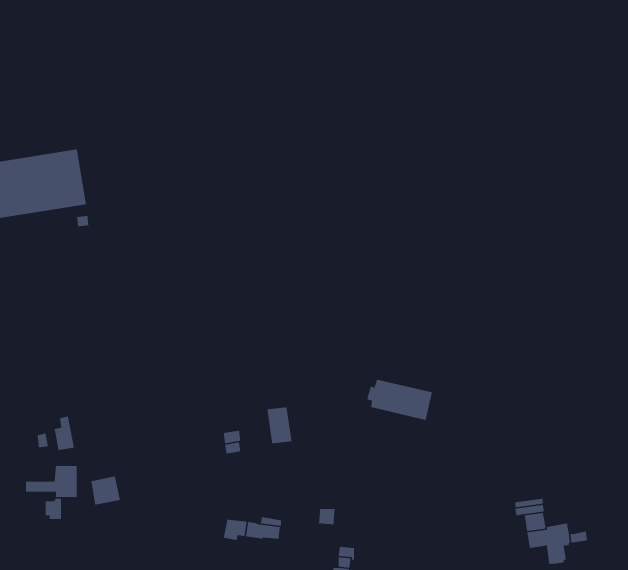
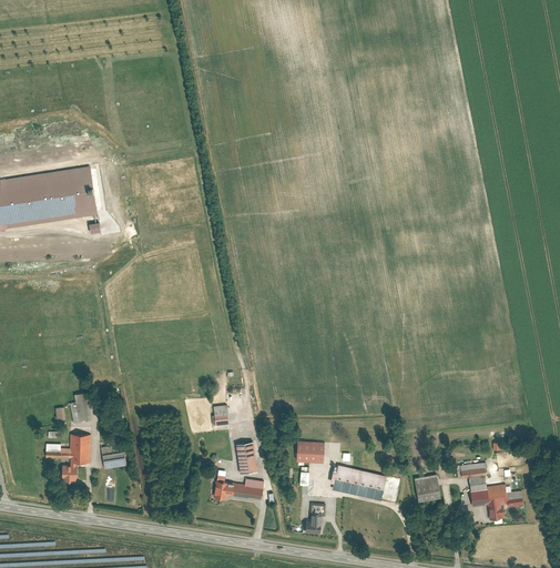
building: [366,379,433,421] -> [329,465,386,500]
building: [266,406,293,444] -> [235,442,257,474]
building: none -> [296,442,324,464]
building: none -> [414,474,440,503]

